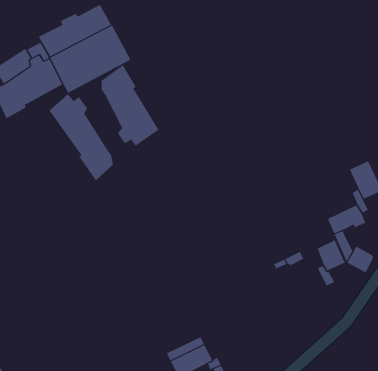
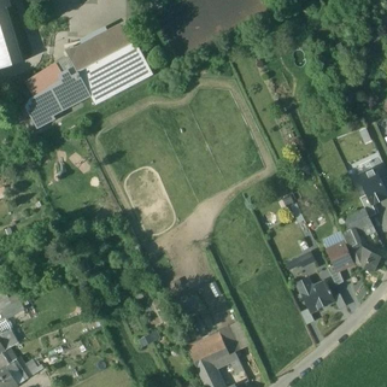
building: [101,64,159,147] -> none
building: [49,93,113,181] -> none
building: none -> [295,277,334,312]

